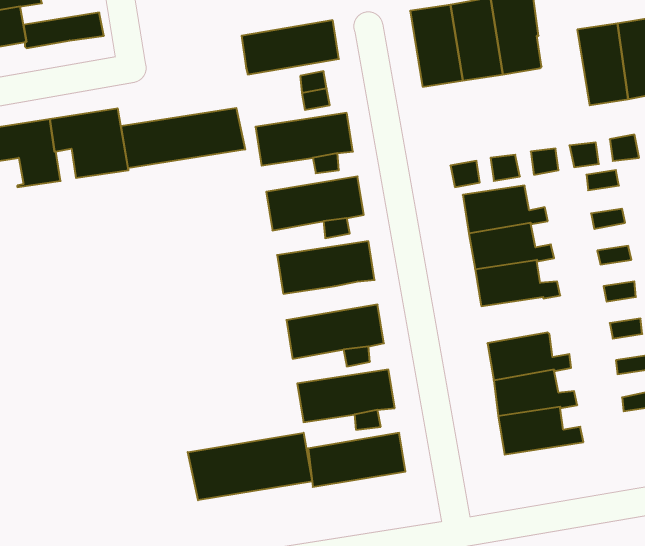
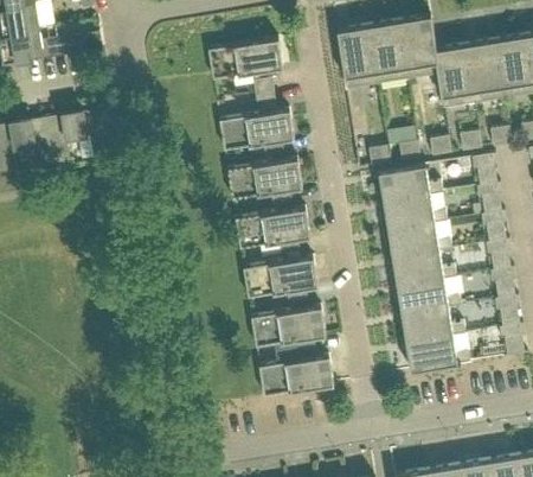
building: none -> [434,45,474,108]
building: [121,108,245,168] -> none
building: none -> [391,250,455,286]
building: [188,433,312,500] -> none

